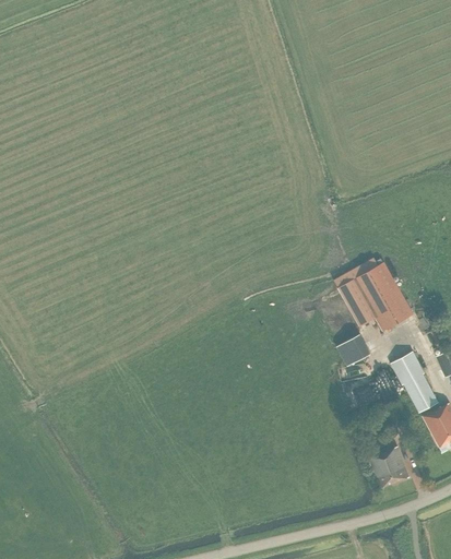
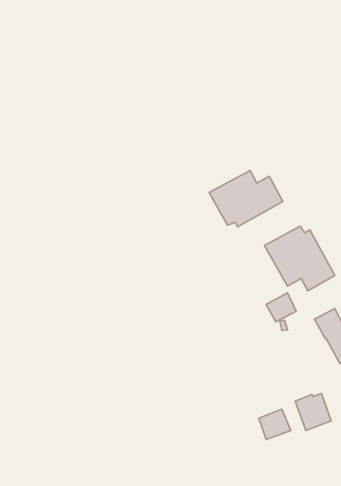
building: none -> [209,170,283,227]
building: none -> [259,409,291,439]

